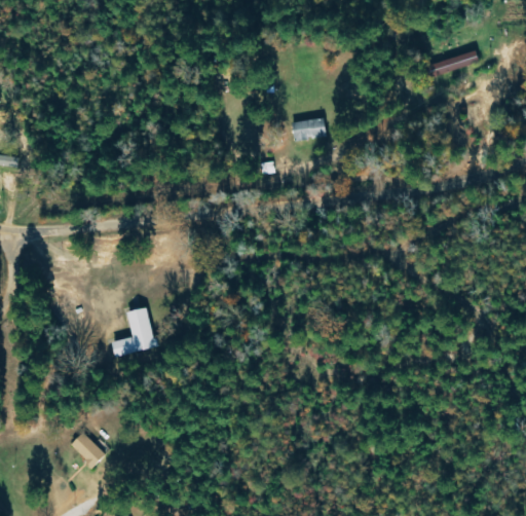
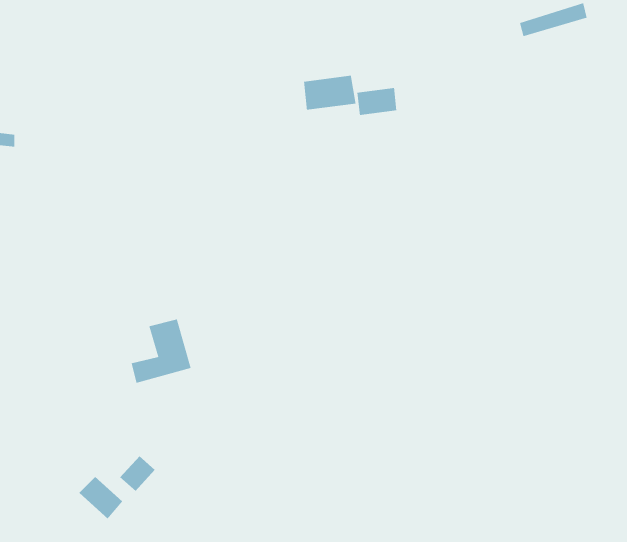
building: none -> [304,75,356,111]
building: none -> [119,456,156,492]

